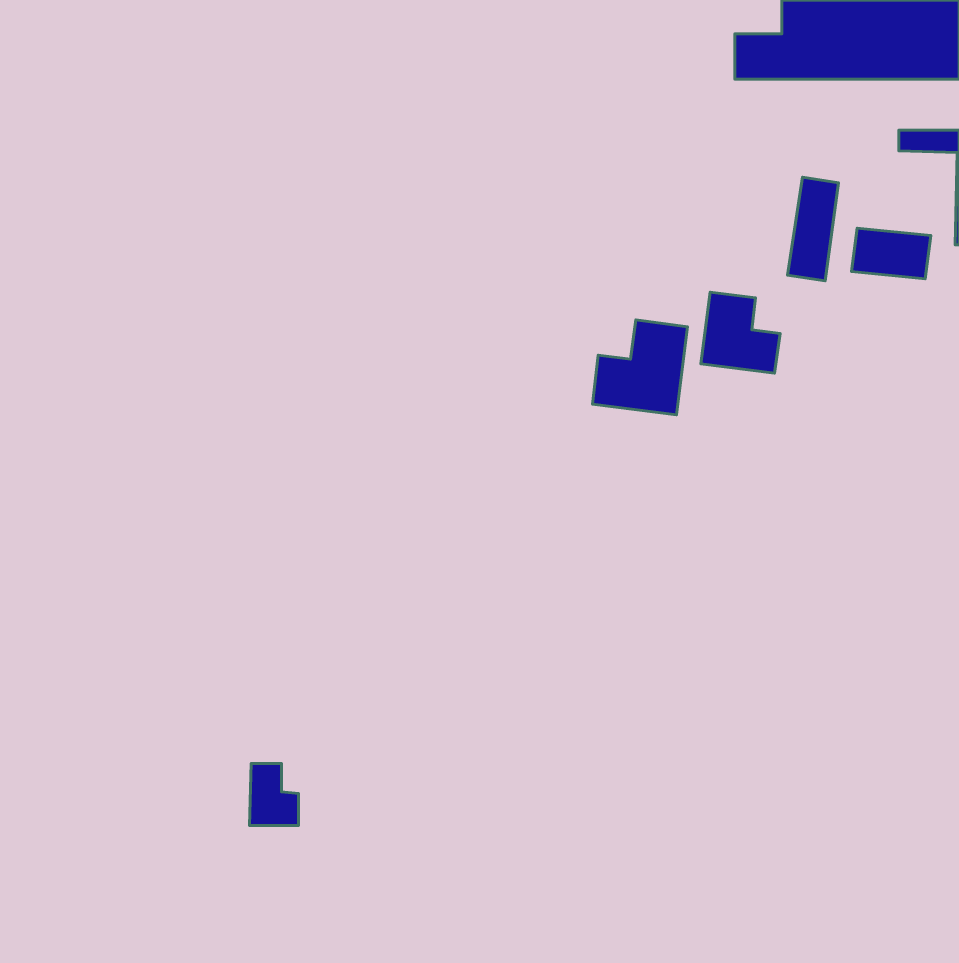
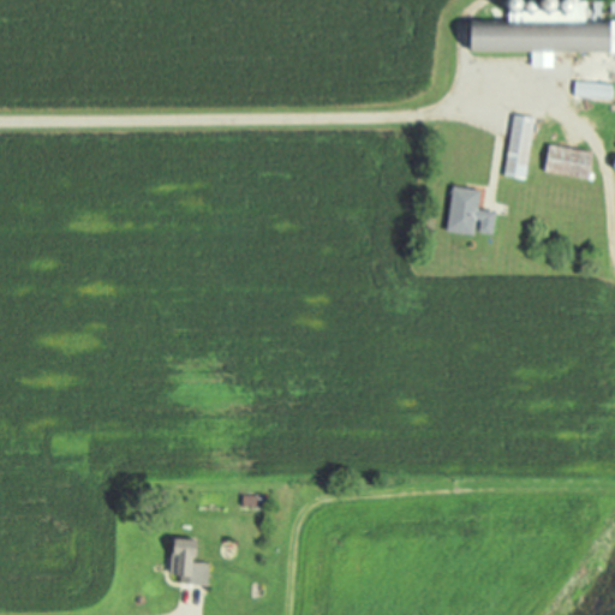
building: [593,320,688,415] -> none
building: [249,763,298,826] -> [178,544,209,584]

